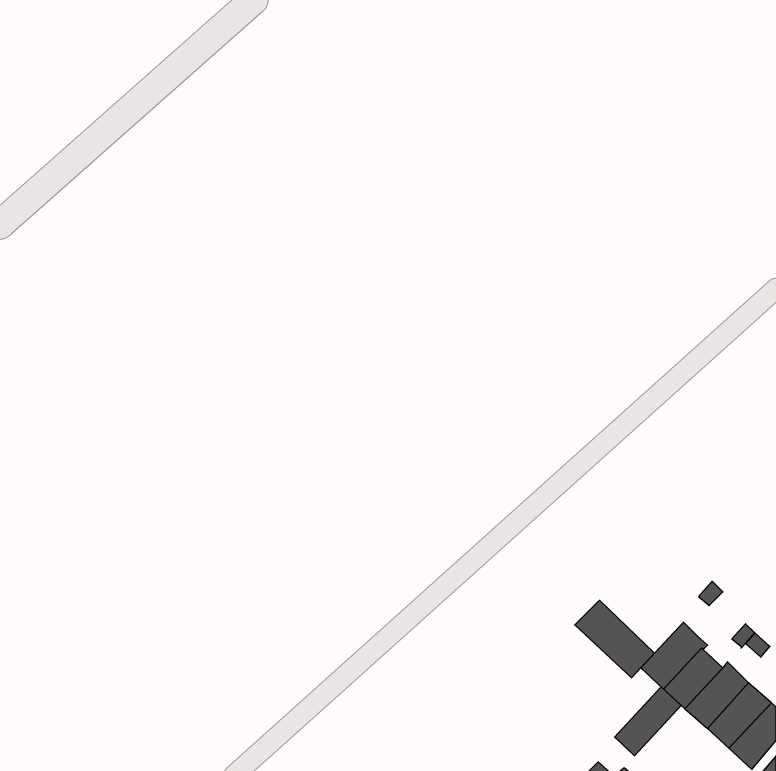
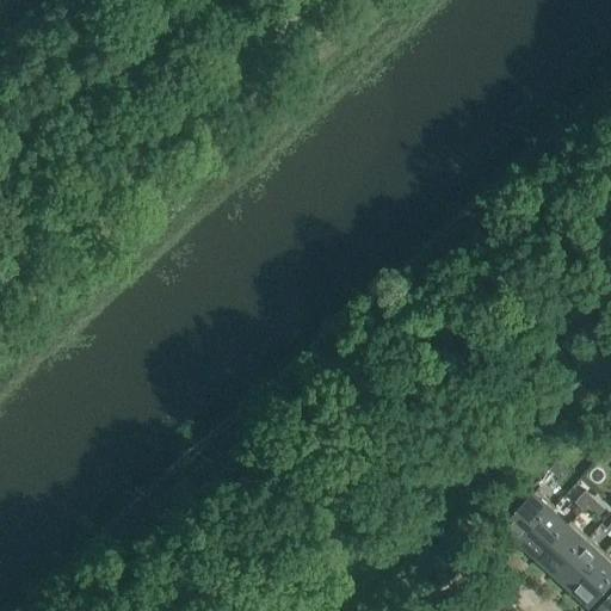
building: [575,600,655,678] -> none
building: [615,687,681,756] -> none

